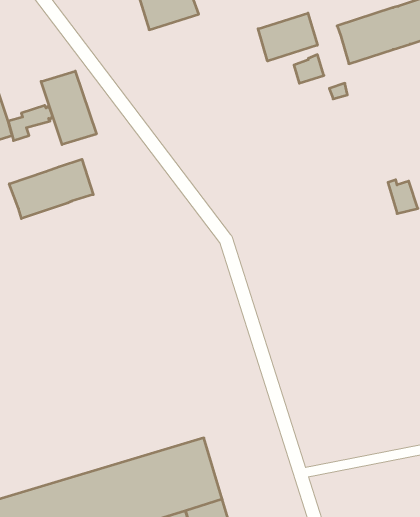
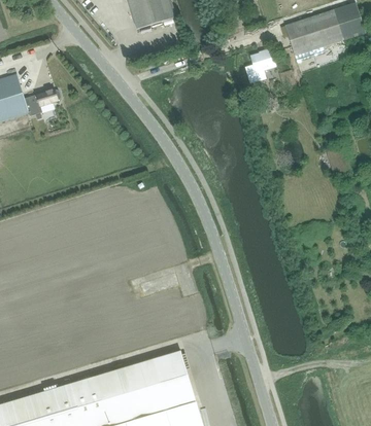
building: [258,13,317,61] -> none
building: [41,71,96,145] -> none
building: [9,159,93,219] -> none

